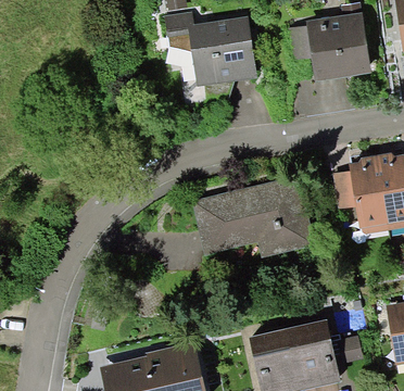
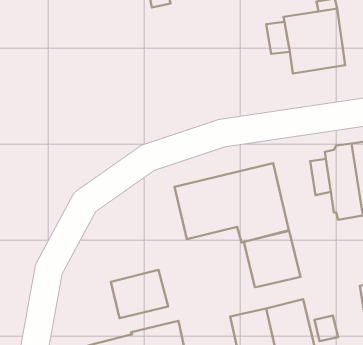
building: [163,11,256,86] -> none
building: none -> [244,231,300,287]
building: none -> [111,270,168,318]

